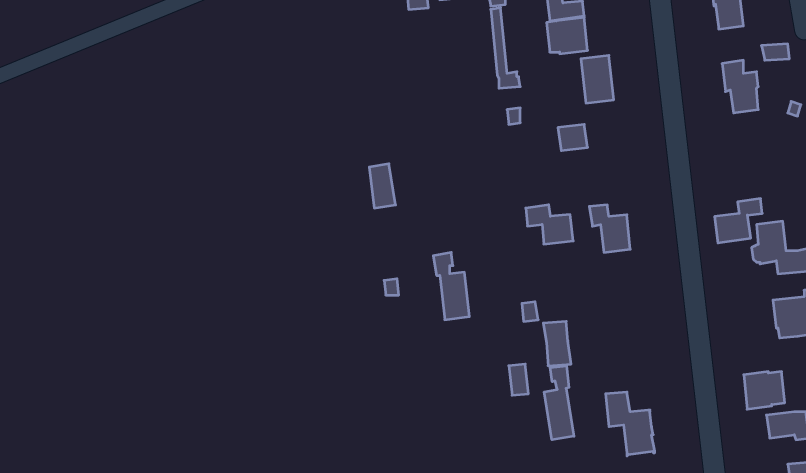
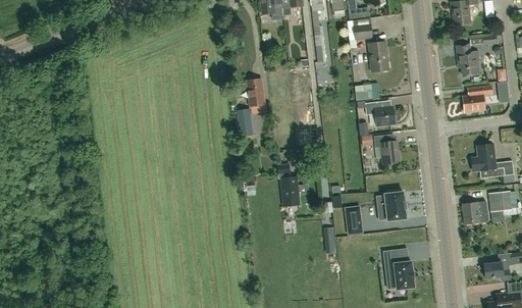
building: none -> [246,78,264,105]
building: [715,199,762,243] -> [462,85,491,112]
building: [526,205,573,244] -> [365,100,395,124]
building: none -> [378,190,406,220]
building: [544,366,574,440] -> none
building: [744,372,785,409] -> [462,201,487,224]

